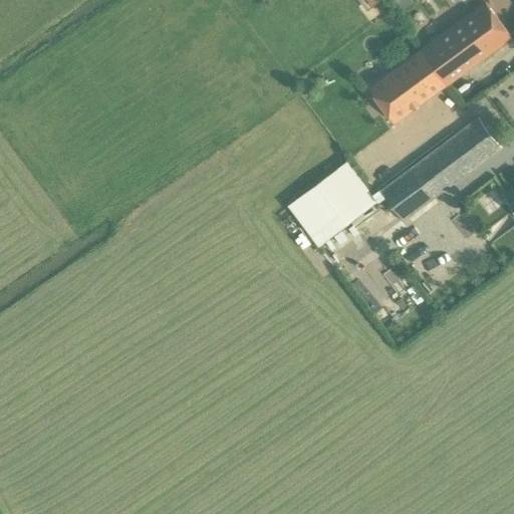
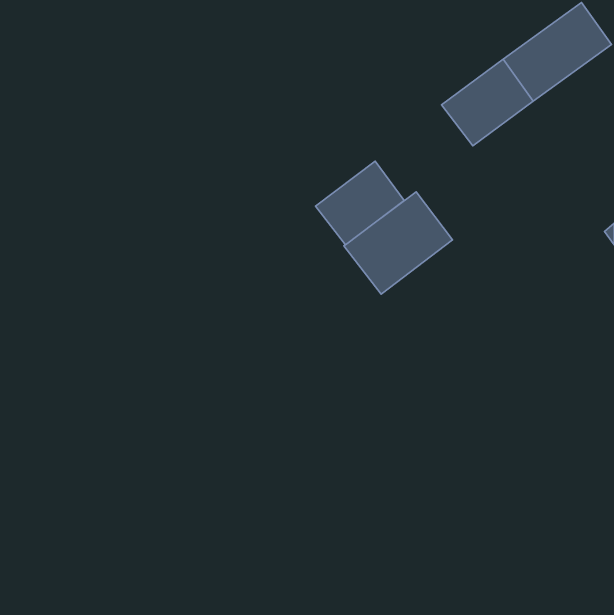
building: [379,118,499,221] -> none
building: none -> [315,161,404,245]

